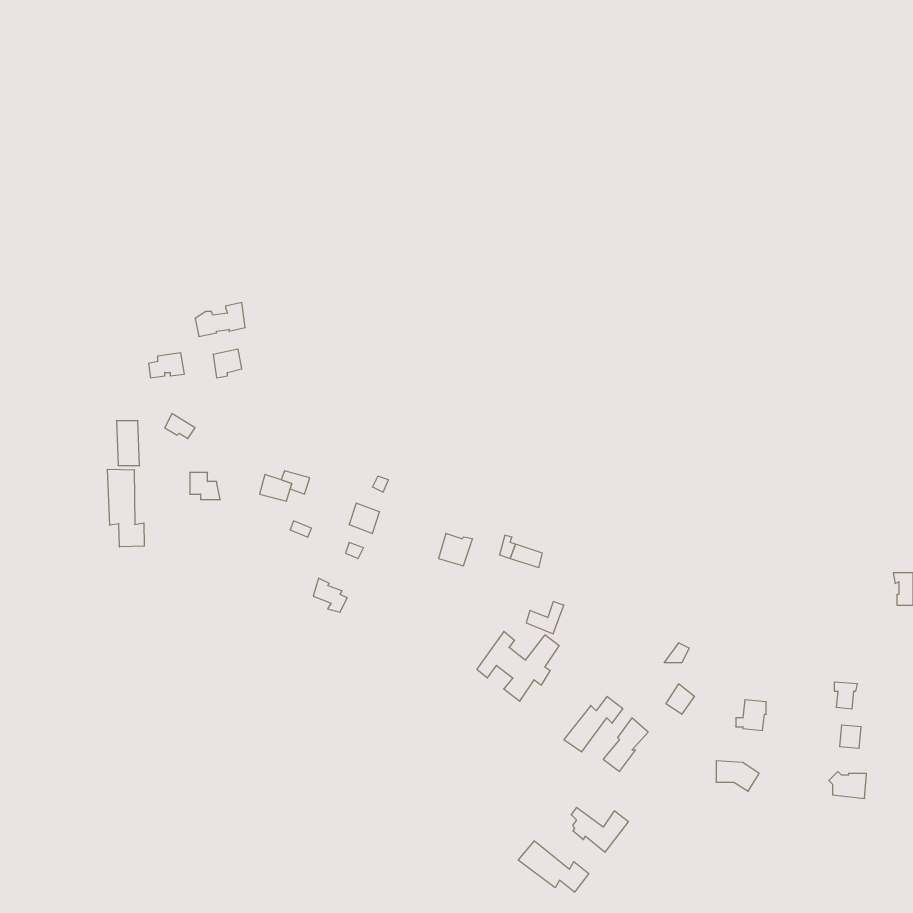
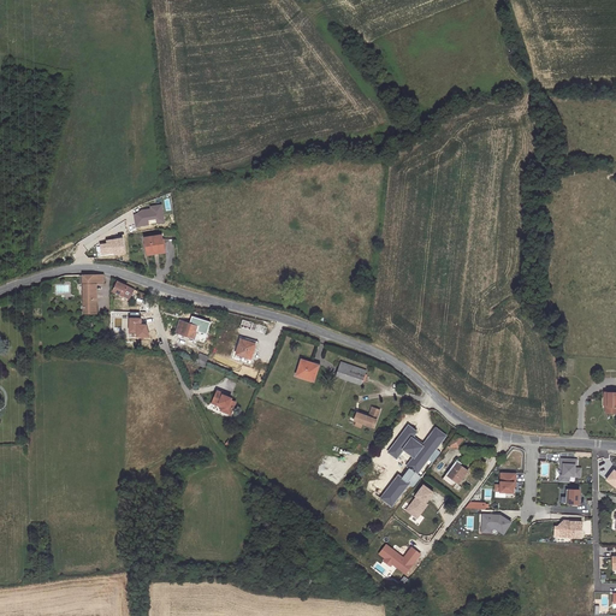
building: [108,469,144,547] -> none
building: [477,631,559,701] -> [389,425,444,472]
building: [518,841,589,892] -> none

